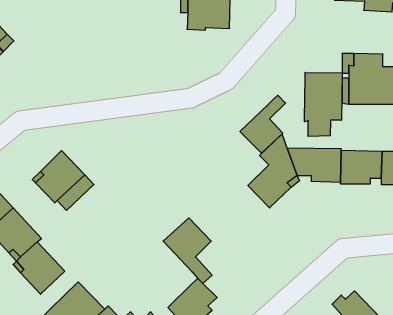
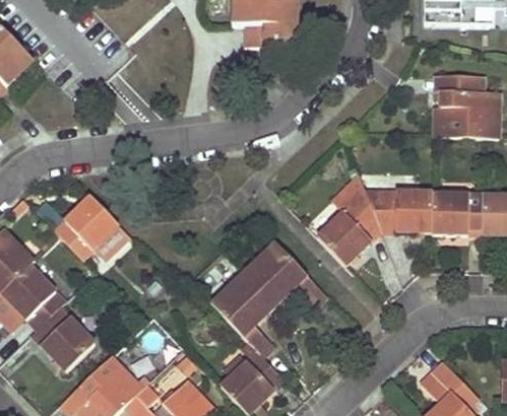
building: [304,72,342,136] -> none
building: [240,95,286,153] -> none
building: none -> [246,245,327,307]

